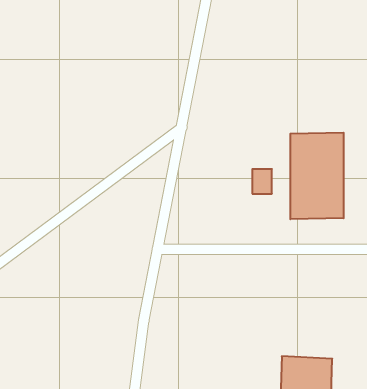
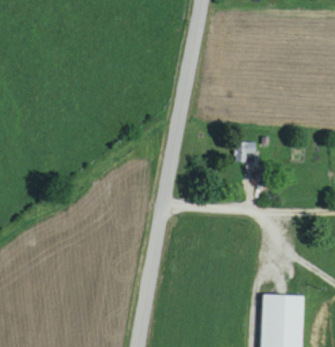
building: [290,133,344,219] -> none

